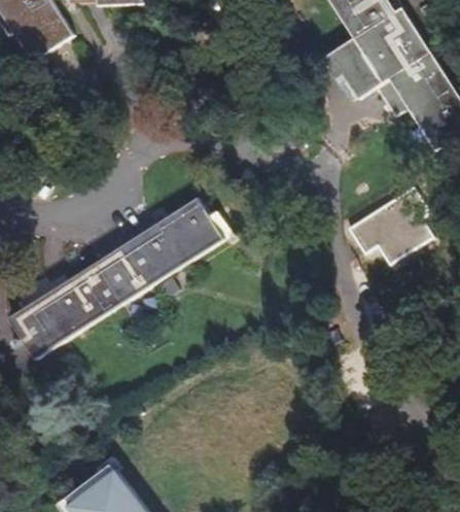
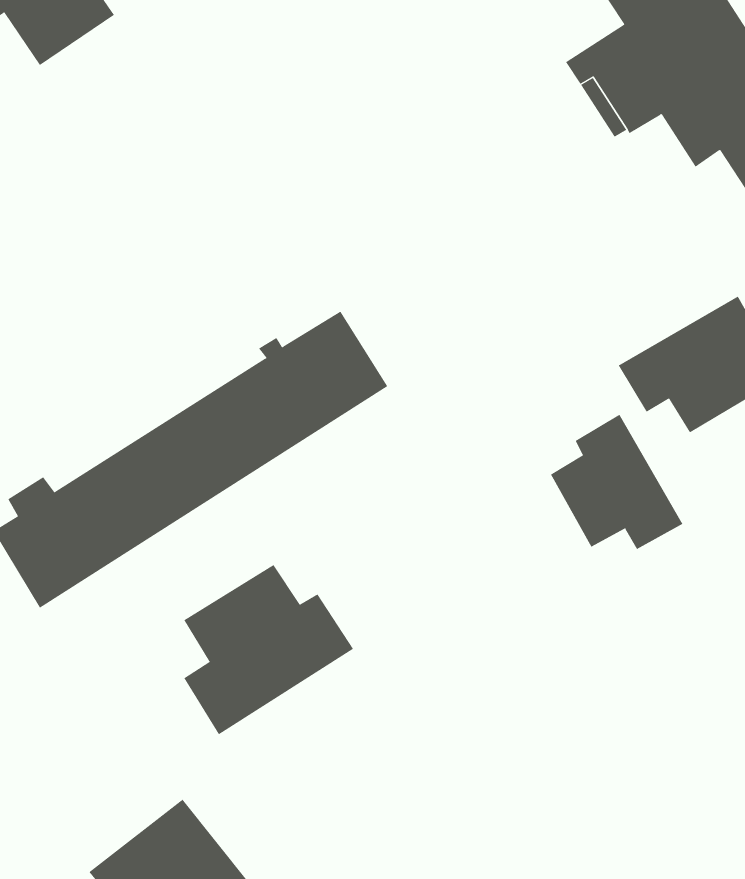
building: none -> [550,414,683,550]
building: none -> [183,564,354,735]

